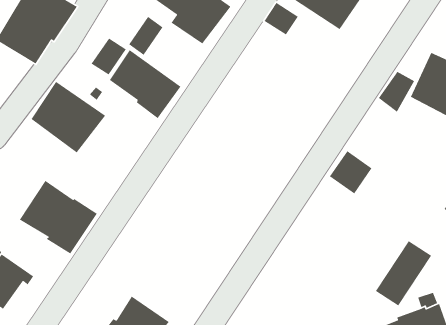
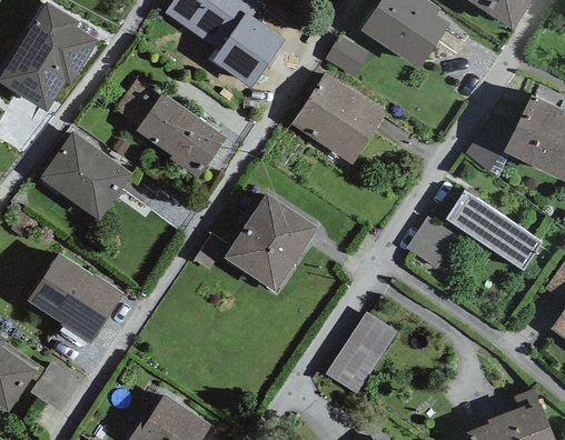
building: [128,16,164,56] -> none
building: none -> [291,73,385,163]
building: none -> [445,190,541,271]
building: none -> [224,193,317,292]
building: [375,240,432,307] -> [334,317,404,398]

